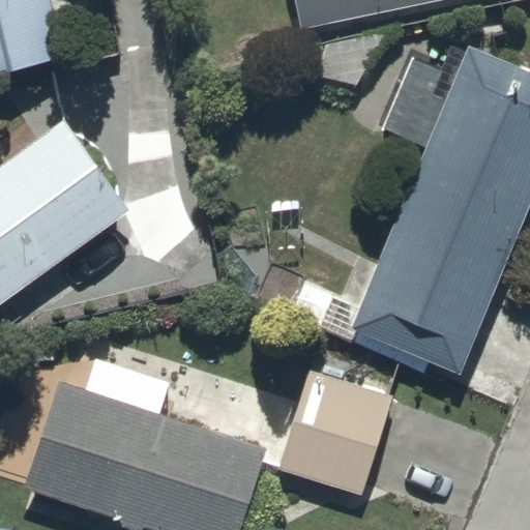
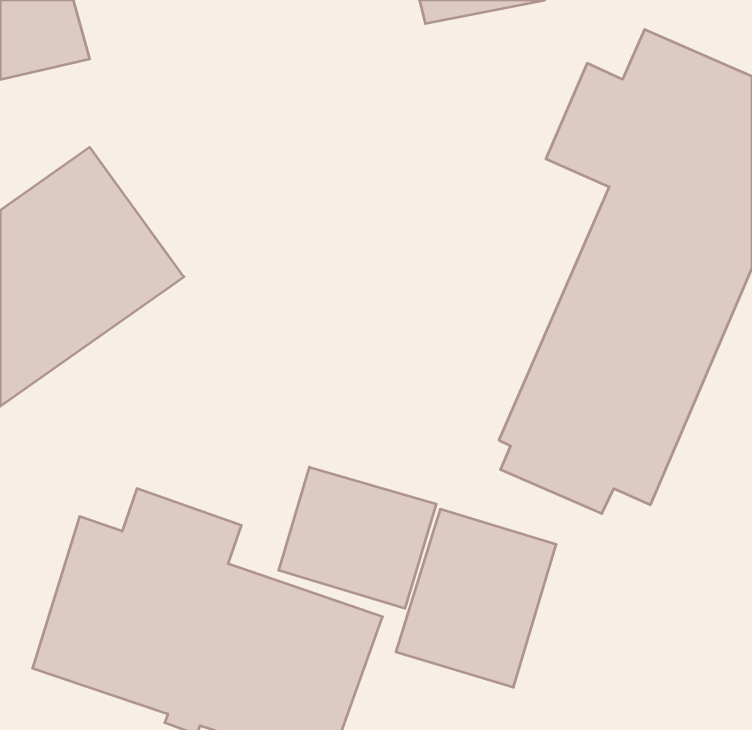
building: none -> [279,467,436,608]

